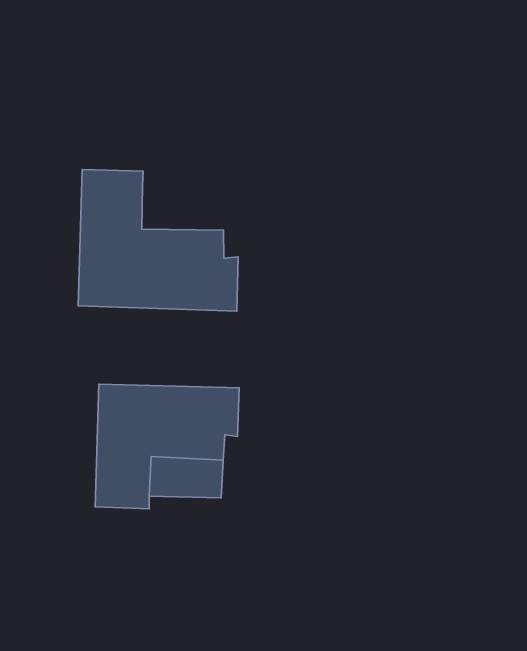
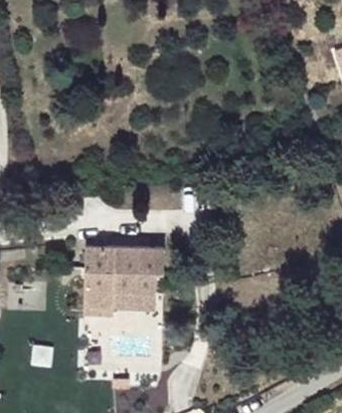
building: [78,170,238,311] -> none

